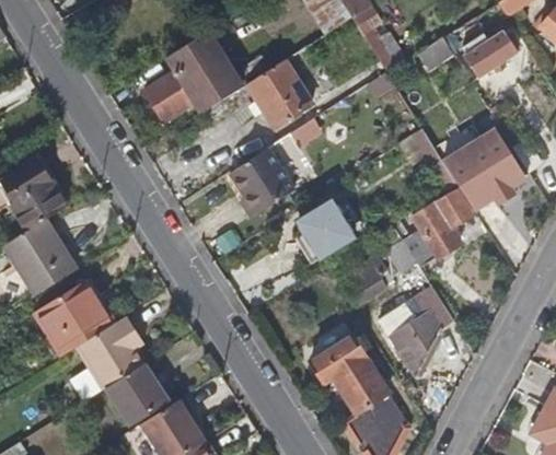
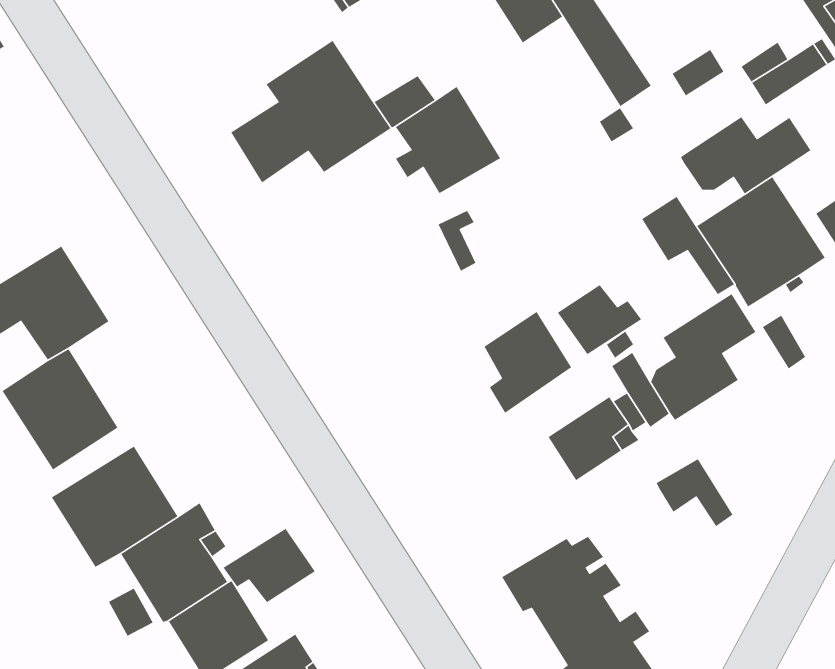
building: none -> [680,116,812,194]
building: [230,150,294,215] -> none
building: none -> [557,284,642,355]
building: [384,310,445,381] -> none
building: none -> [223,528,316,603]

